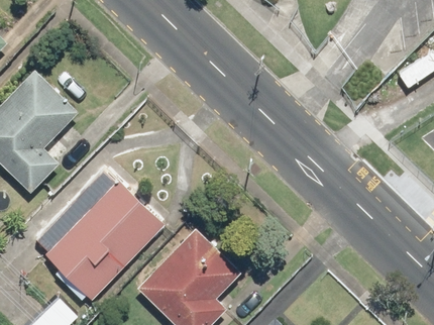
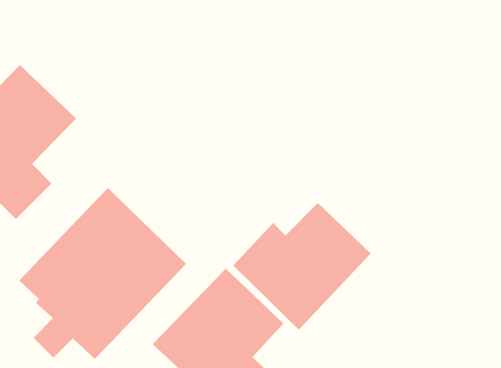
building: none -> [232,202,371,331]

